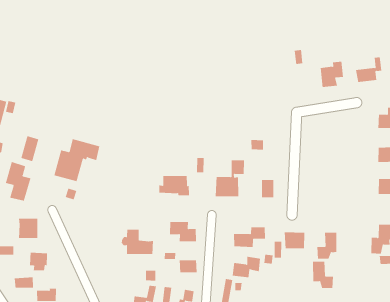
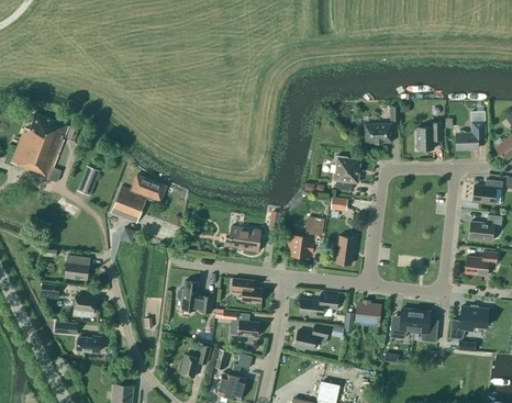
building: none -> [365,123,391,143]
building: none -> [334,156,360,190]
building: [5,161,31,201] -> none
building: [312,261,334,289] -> [413,310,437,342]

